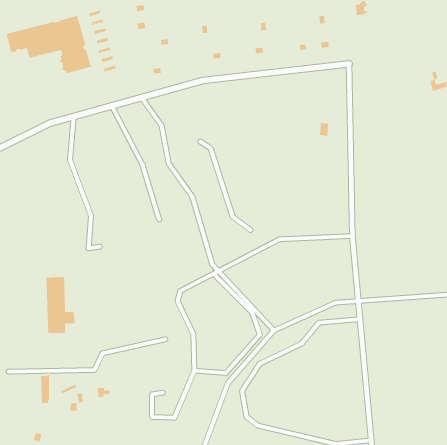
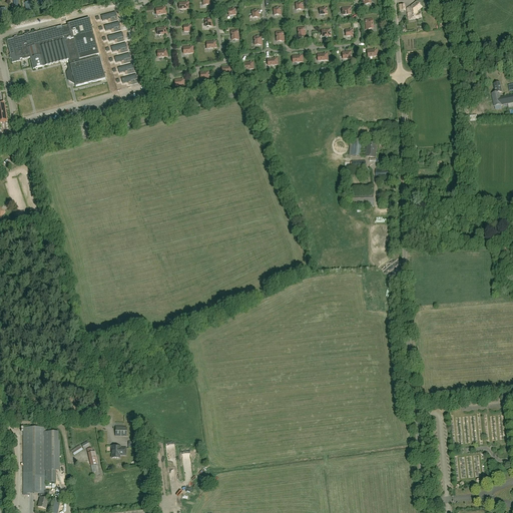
building: [46,276,75,334] -> [21,427,55,493]

